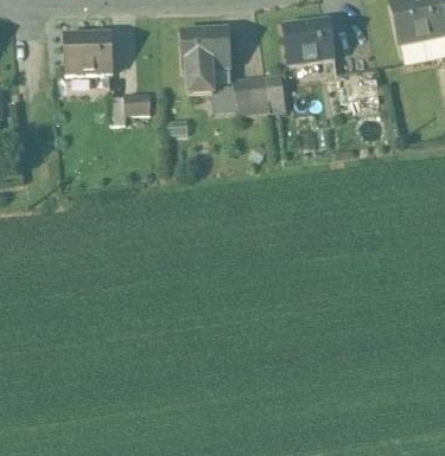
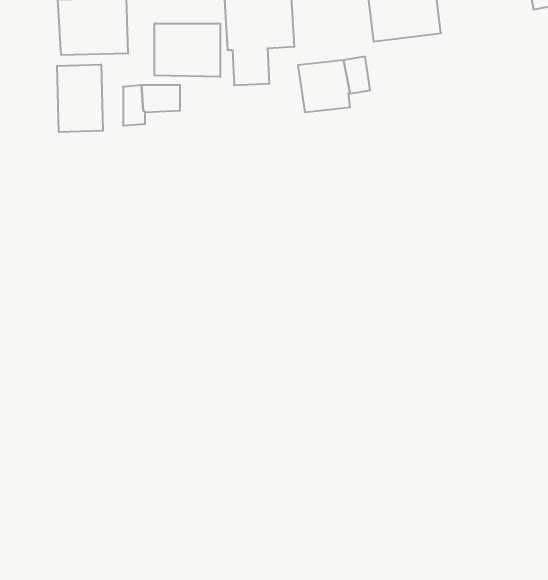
building: none -> [155,23,220,77]
building: none -> [57,64,103,132]

